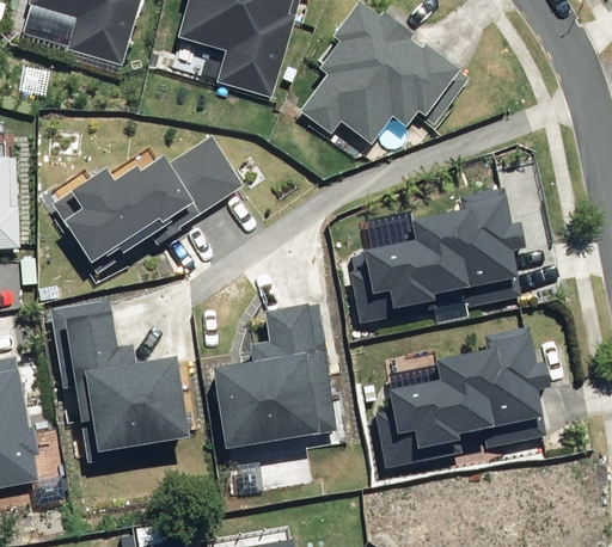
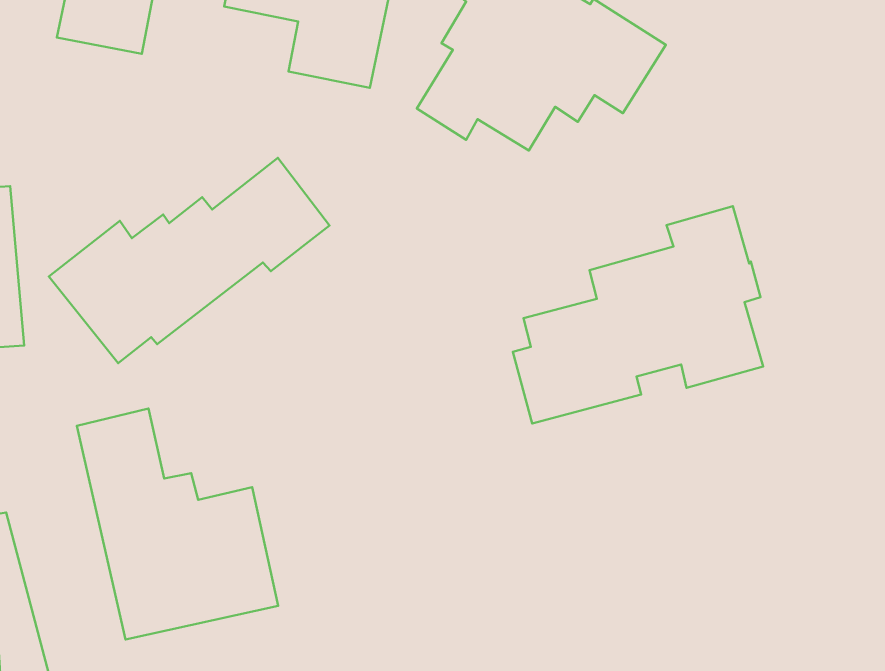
building: [216,302,341,440] -> none
building: [377,330,541,463] -> none

